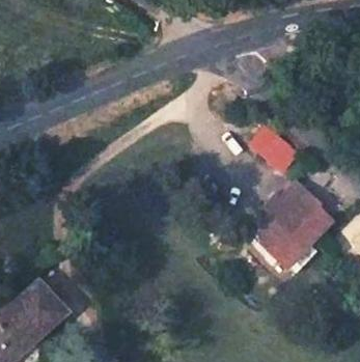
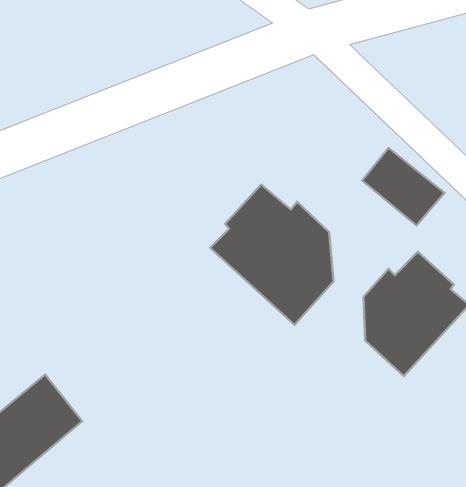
building: none -> [210,184,334,325]

